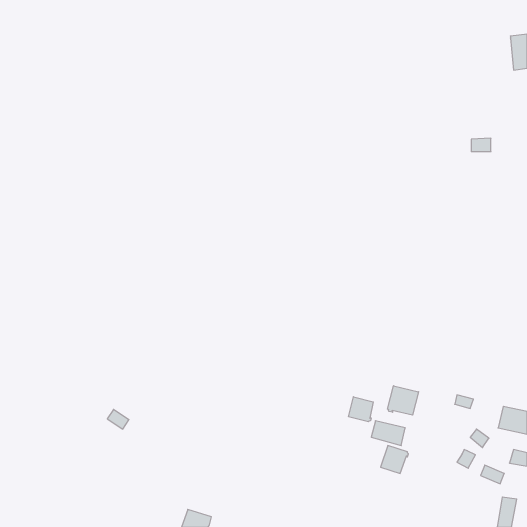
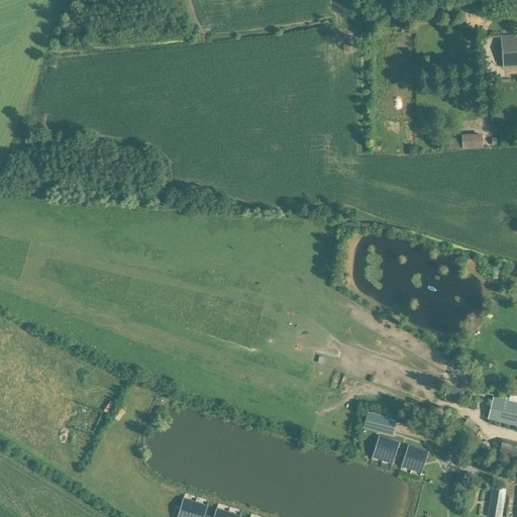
building: [388,386,419,415] -> none
building: [349,397,373,422] -> none
building: none -> [402,445,429,473]

